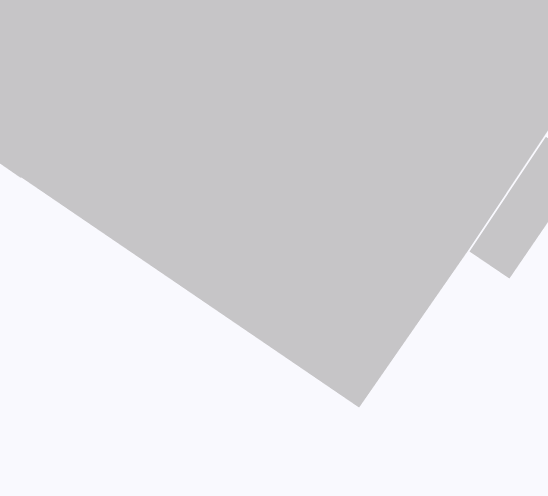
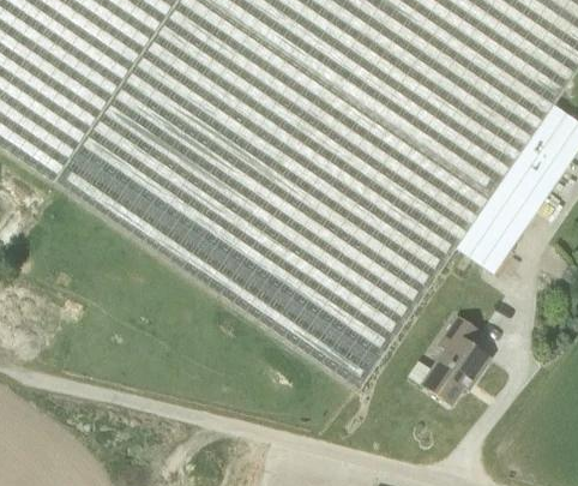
building: none -> [410,314,490,403]

